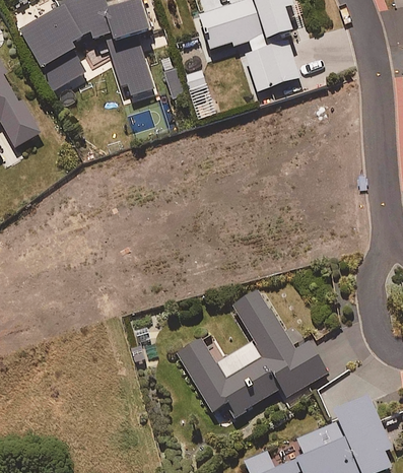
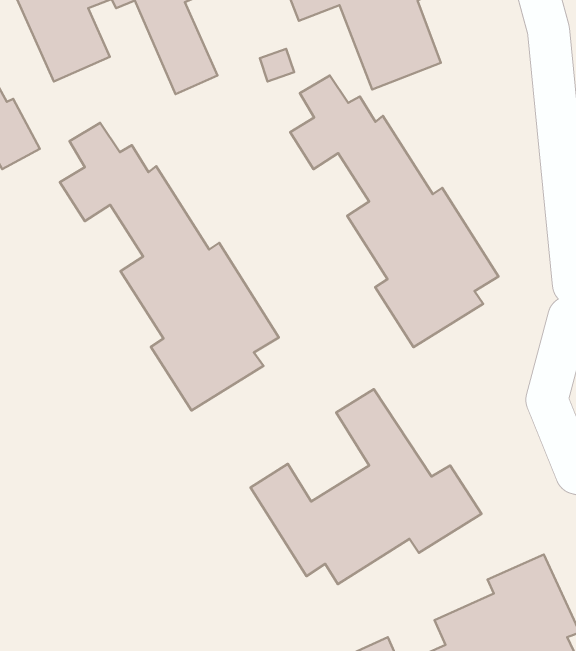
building: none -> [290,75,498,347]
building: none -> [60,123,279,411]

